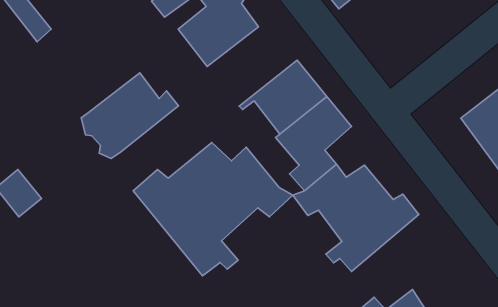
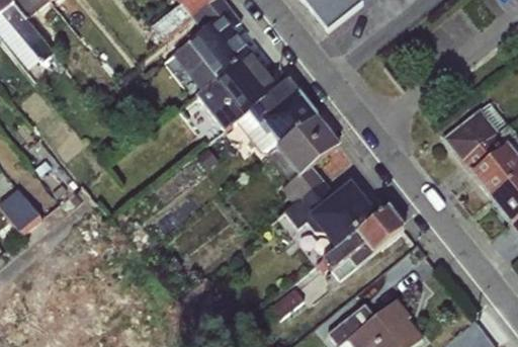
building: [81,73,178,158] -> [196,51,288,132]
building: [133,142,293,276] -> none

